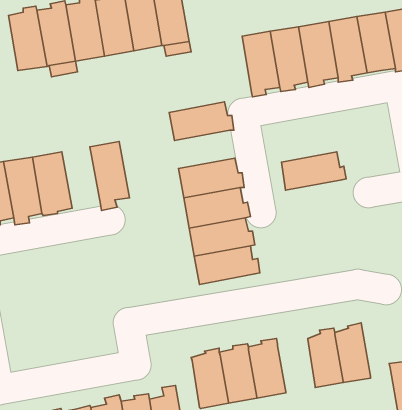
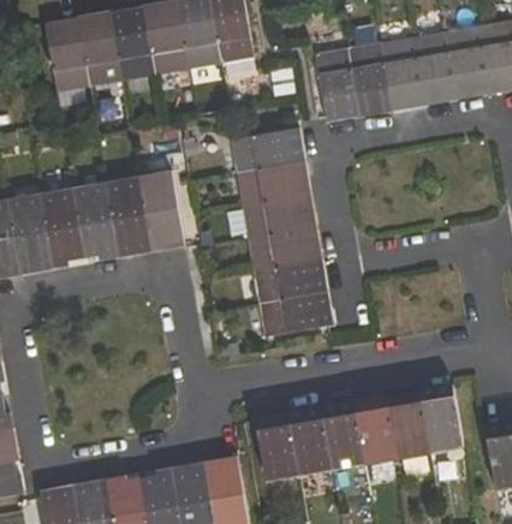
building: none -> [107,180,151,255]
building: [281,152,346,190] -> [237,161,311,206]
building: none -> [356,395,399,464]

